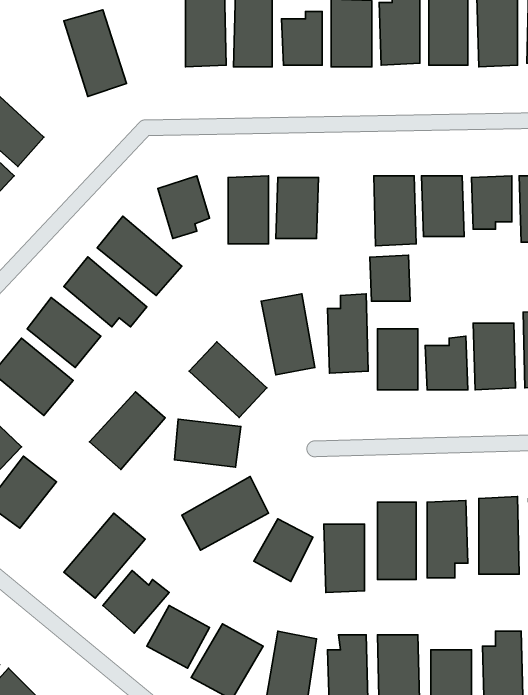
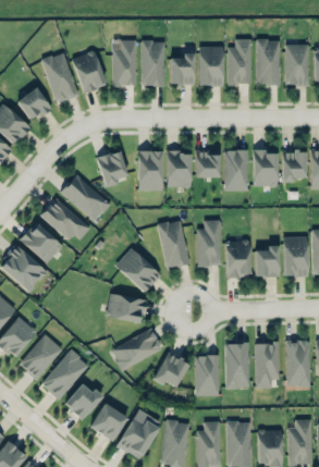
building: none -> [72,51,107,93]
building: none -> [17,87,52,120]
building: [370,255,410,301] -> [196,150,220,177]
building: [89,392,165,469] -> [19,334,63,380]

